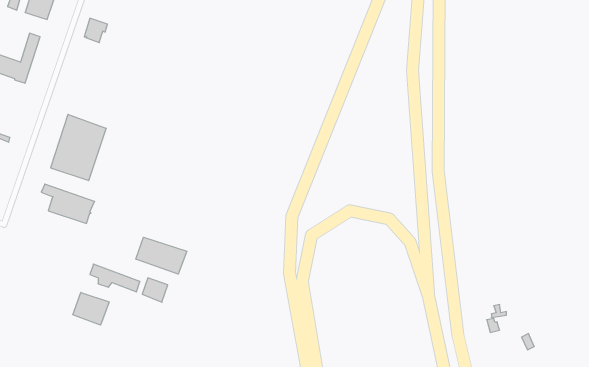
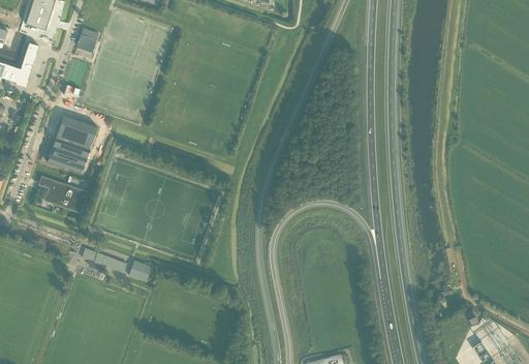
building: [136,237,187,274] -> none
building: [73,292,109,325] -> none

